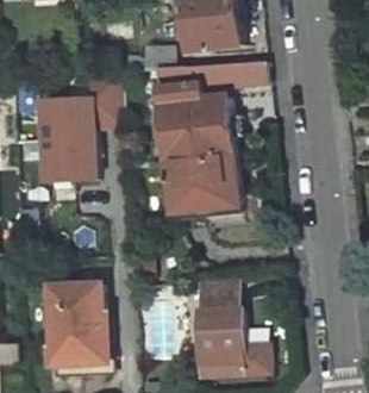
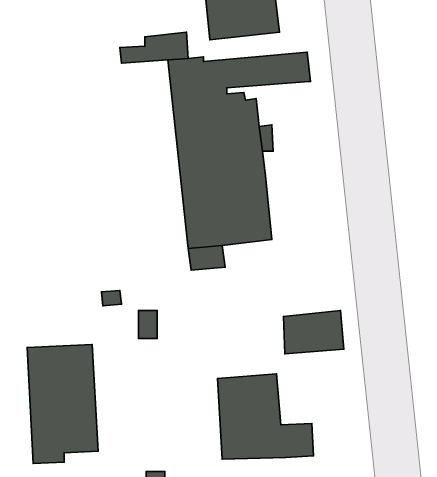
building: [39,76,120,181] -> none
building: [192,279,238,312] -> [283,310,344,354]

